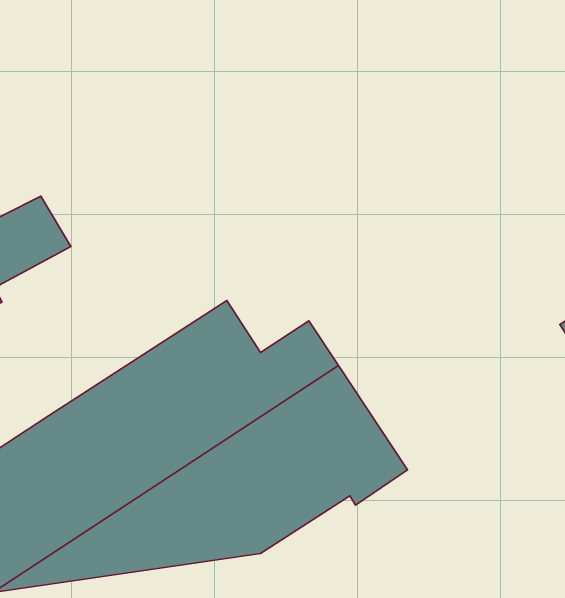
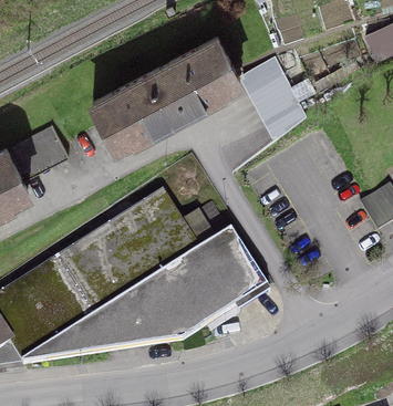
building: none -> [93,37,239,144]
building: none -> [242,56,306,136]

